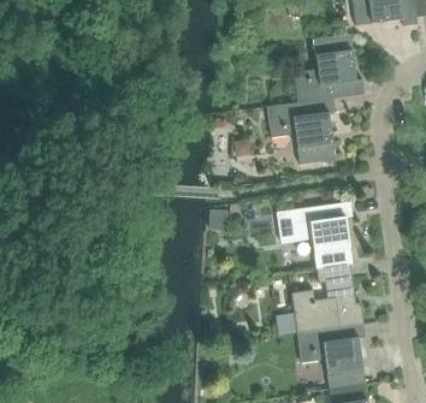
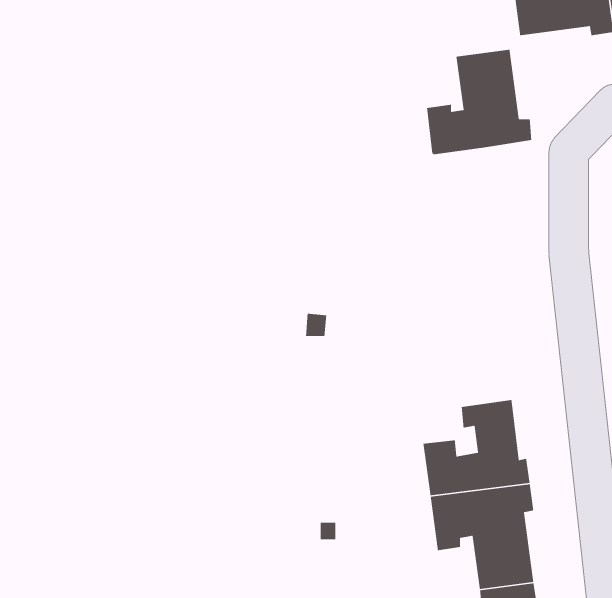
building: [266,99,336,165] -> none
building: [276,201,353,268] -> none

